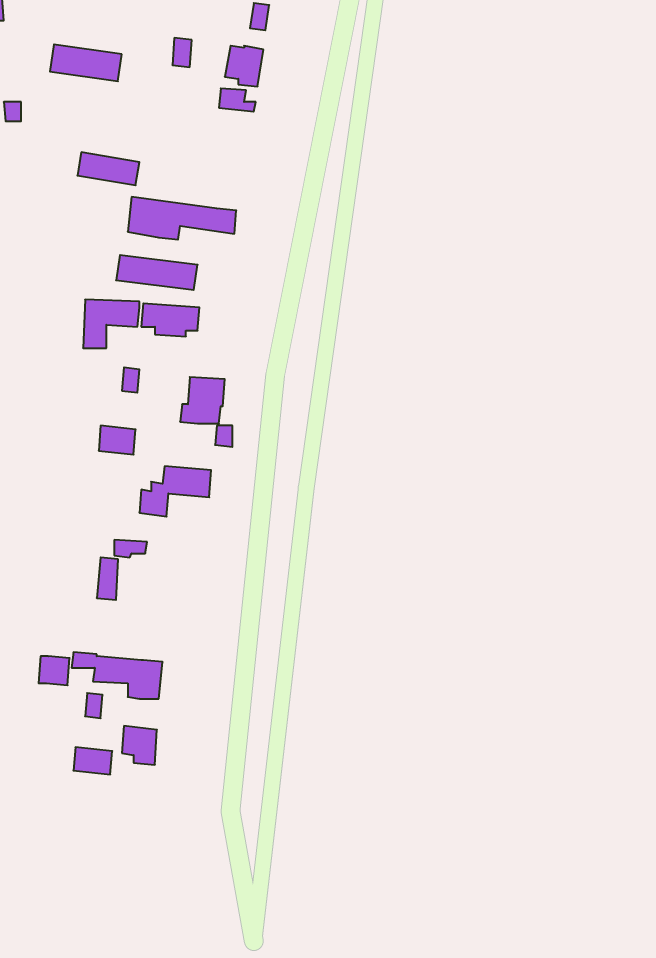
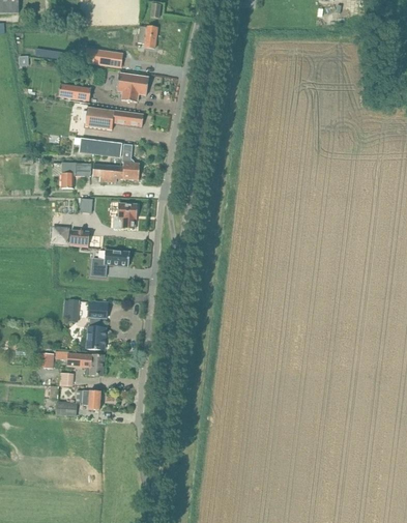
building: [50,44,122,81] -> [84,48,122,67]
building: none -> [116,72,149,101]
building: none -> [122,143,140,179]
building: none -> [86,300,108,349]

